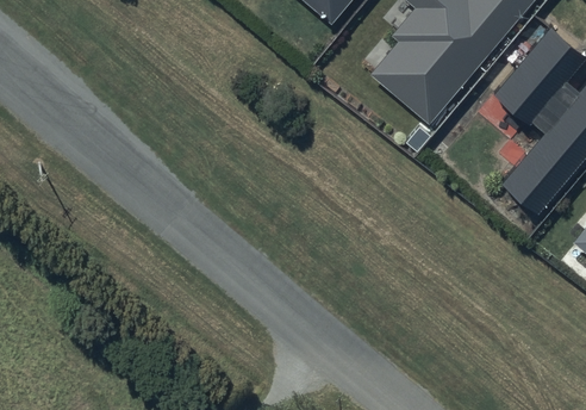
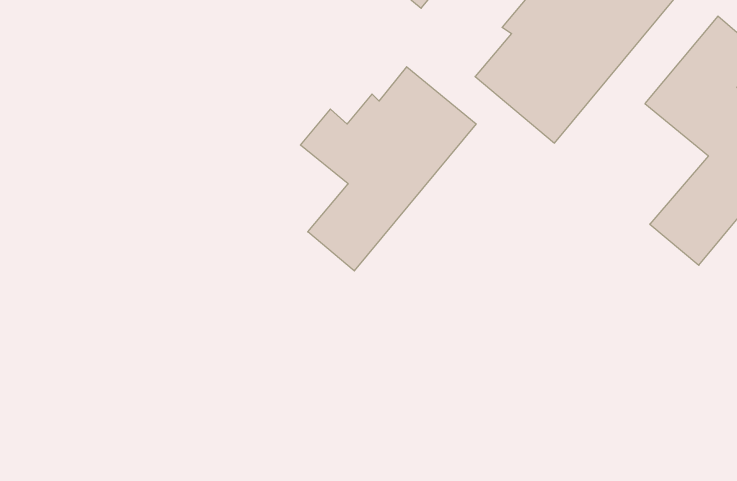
building: none -> [300,67,476,271]

